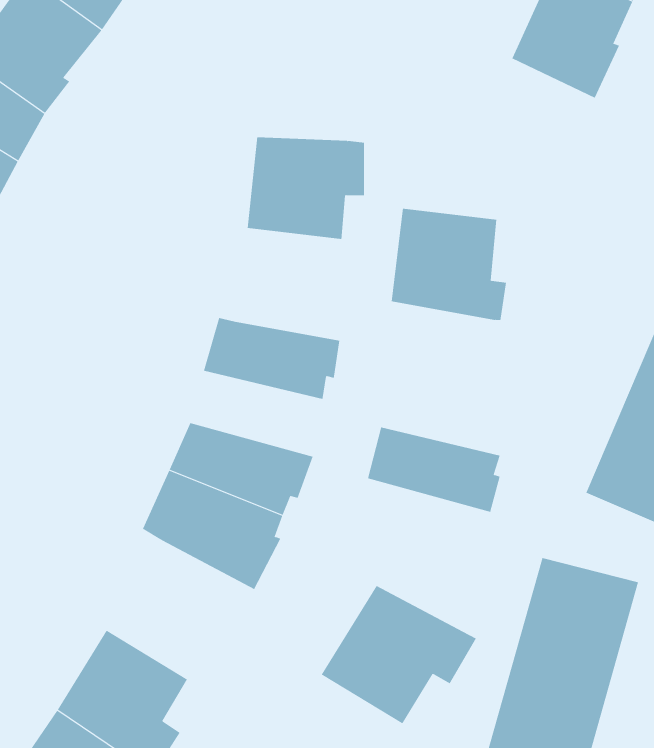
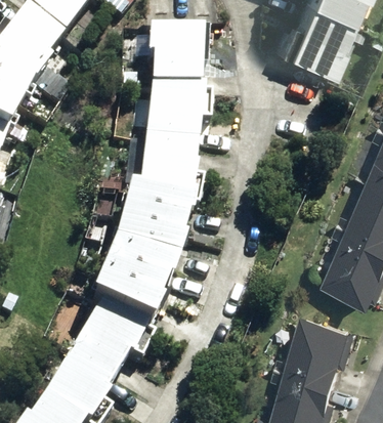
building: none -> [146,26,206,89]
building: [391,208,507,320] -> [136,136,199,197]
building: [367,427,500,513] -> [112,213,183,259]
building: [321,585,477,724] -> [67,304,151,379]

